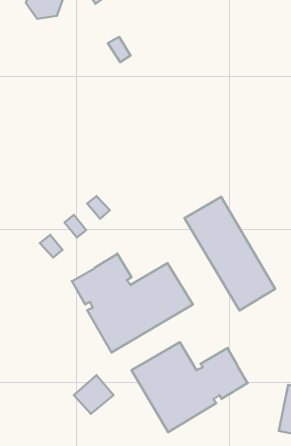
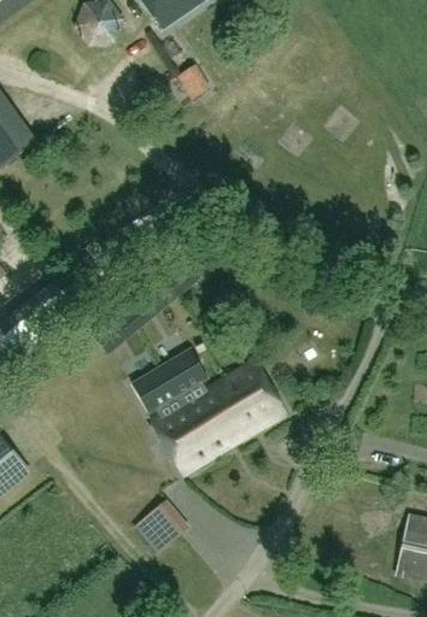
building: [185,197,275,310] -> none
building: [131,342,248,432] -> none

